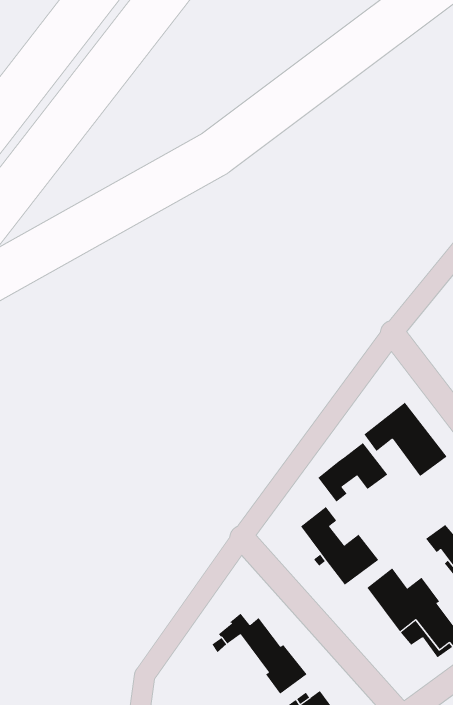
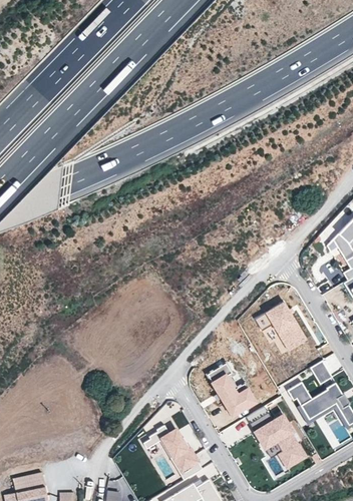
building: [318,442,388,502] -> none

